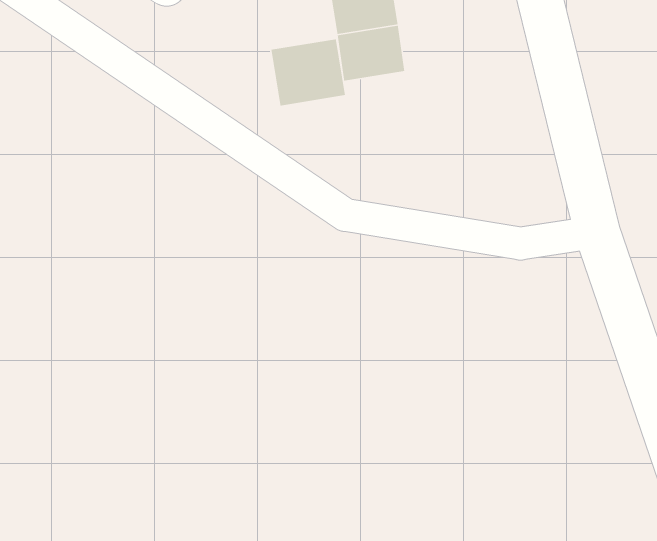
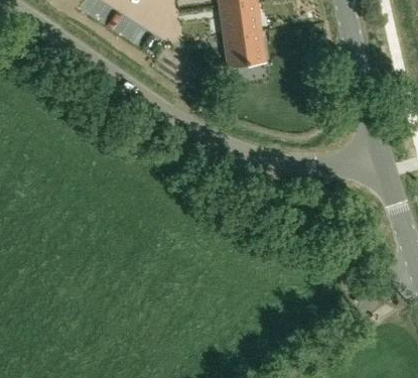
building: [271,38,346,106] -> none

